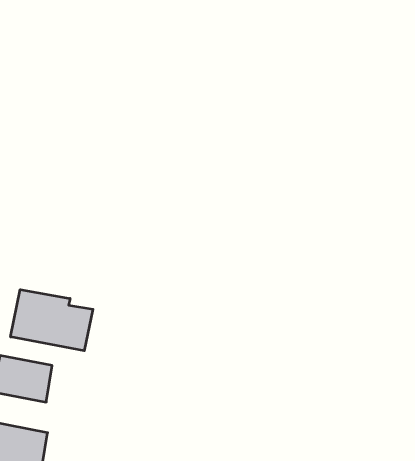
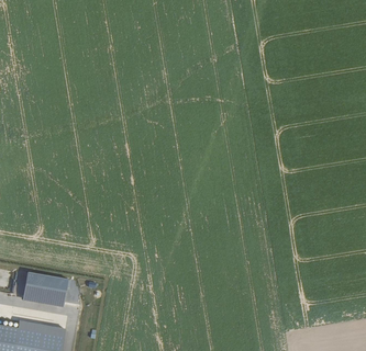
building: [11,290,93,351] -> none

